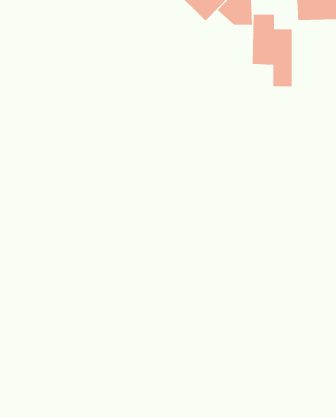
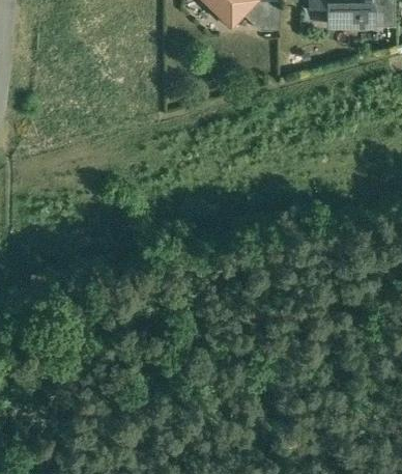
building: [252,14,292,87] -> none

